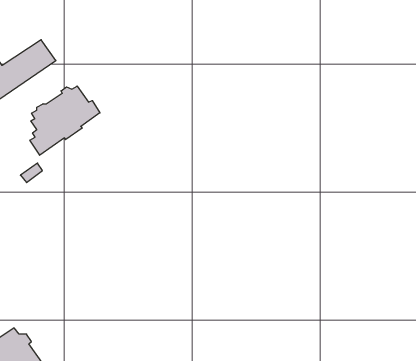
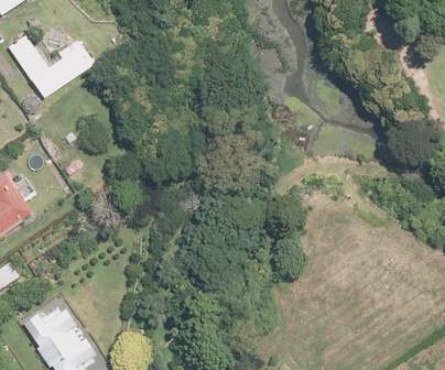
building: [30,86,100,155] -> none

